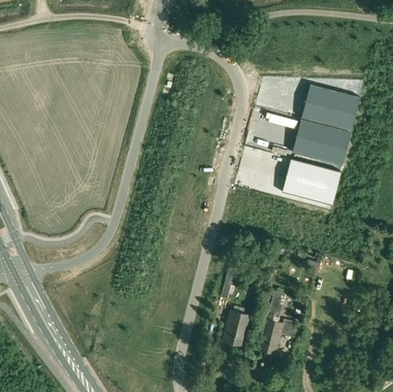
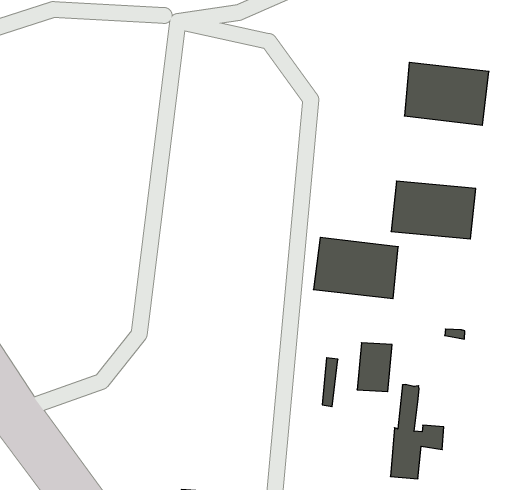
building: [292,120,351,166] -> [313,237,398,299]
building: [223,313,250,347] -> [357,343,392,392]

